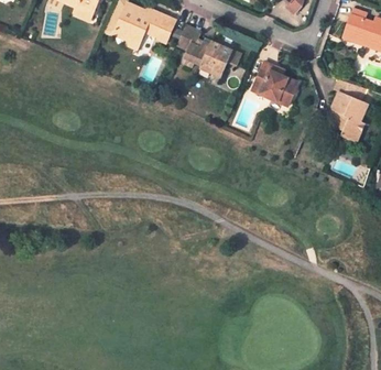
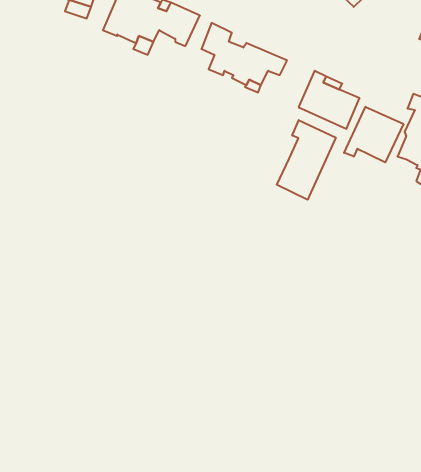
building: none -> [344,107,403,162]
building: none -> [277,120,336,200]

